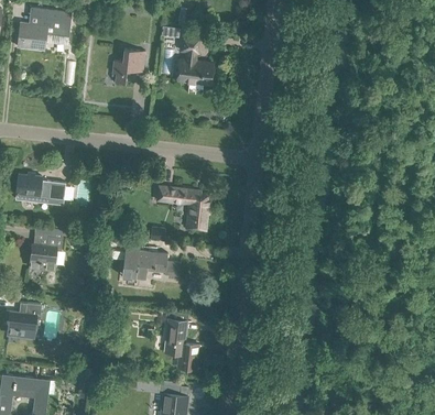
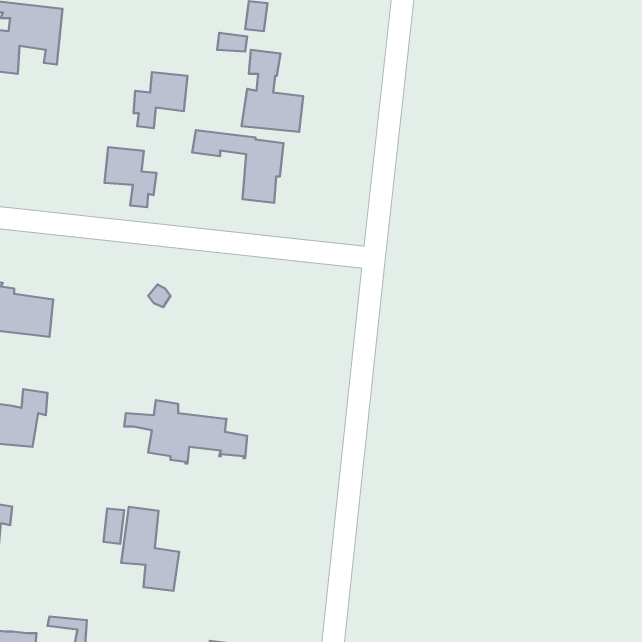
building: none -> [105,147,156,207]
building: [156,187,210,230] -> [192,130,284,203]
building: [164,320,198,370] -> [121,507,179,591]

